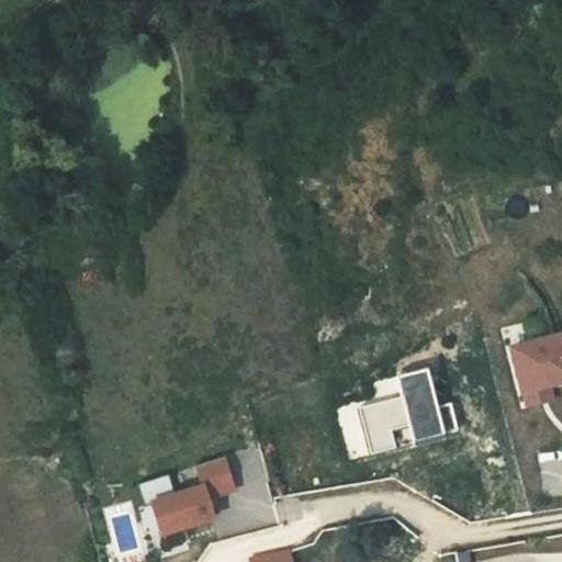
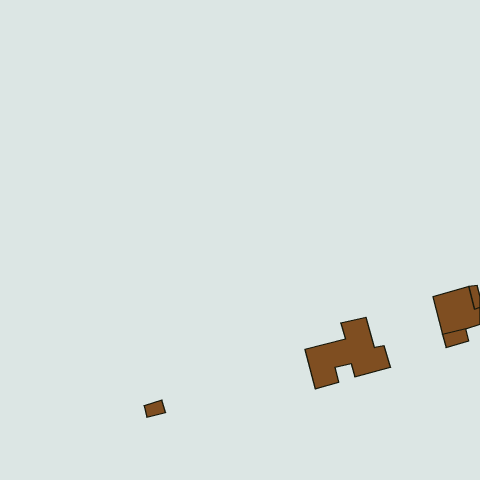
building: [159,456,240,531] -> none

